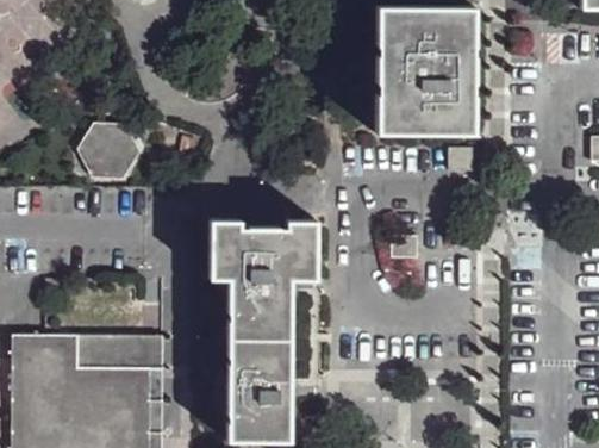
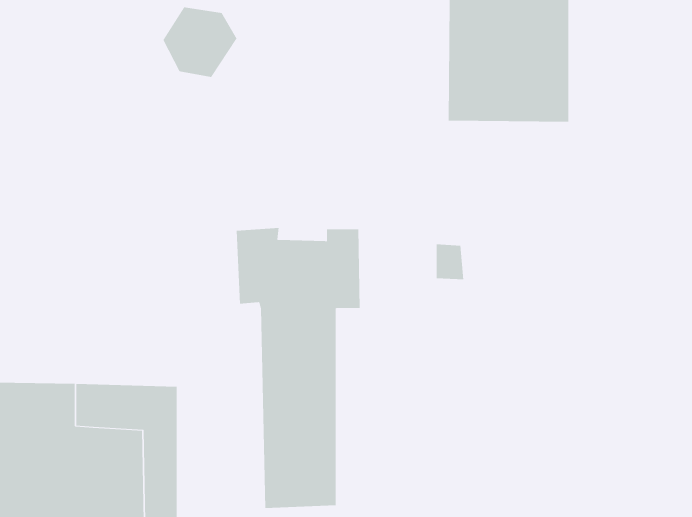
building: [81,123,141,179] -> [162,7,237,77]

